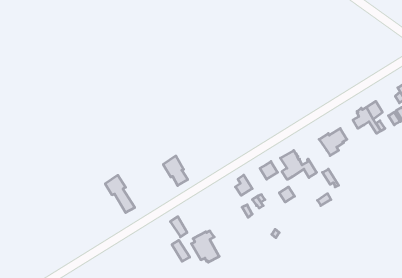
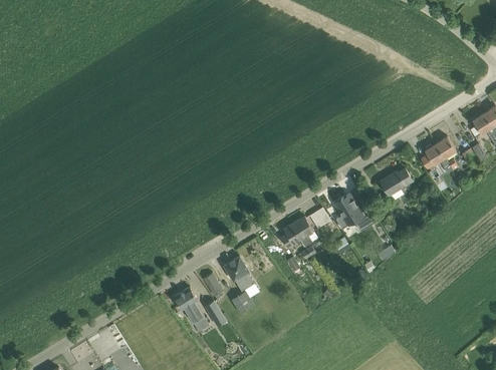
building: [163,156,188,186] -> [224,256,253,291]
building: none -> [290,217,314,247]
building: [105,175,135,213] -> [174,287,209,331]

